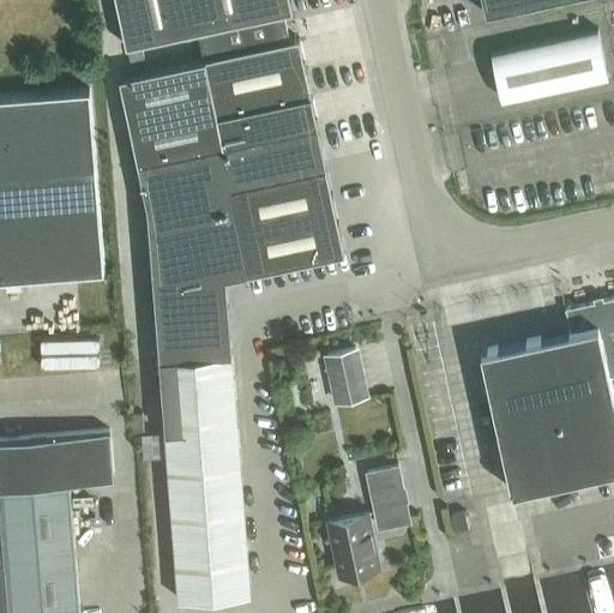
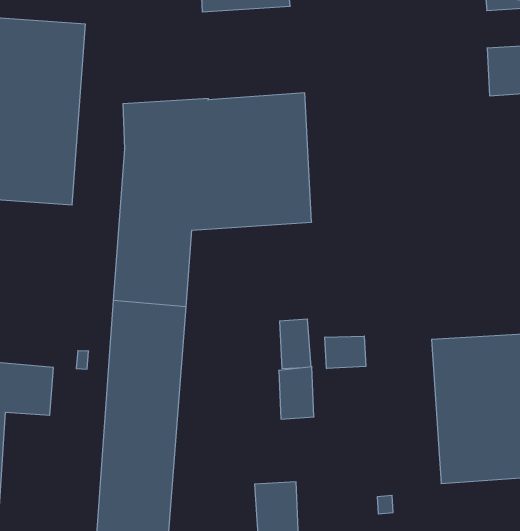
building: [119,46,317,169] -> none
building: none -> [325,336,366,369]
building: [366,470,408,527] -> [279,367,314,419]

